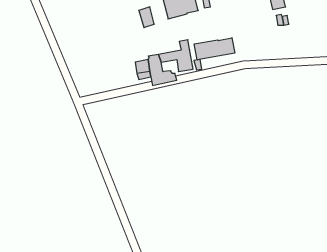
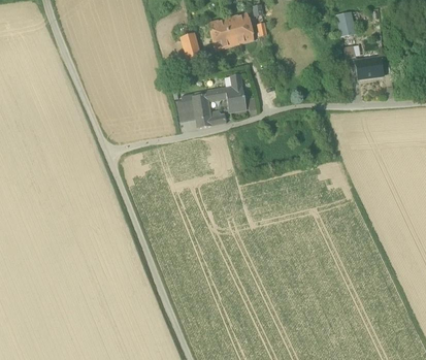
building: none -> [356,56,383,78]
building: [194,38,235,60] -> none

